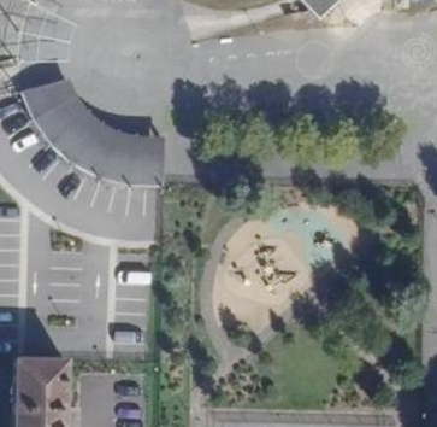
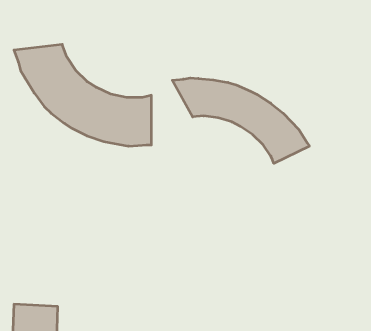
building: none -> [172,78,309,163]

